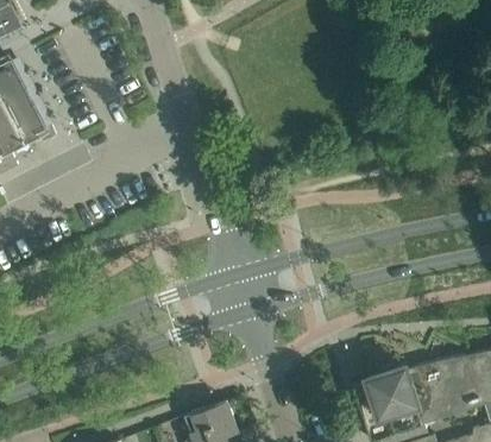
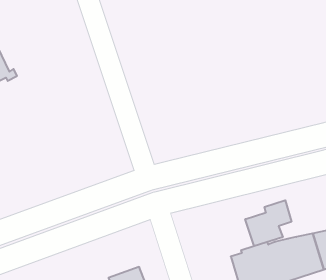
building: none -> [245,200,291,246]

